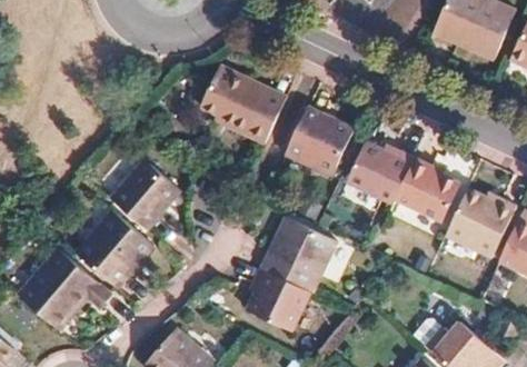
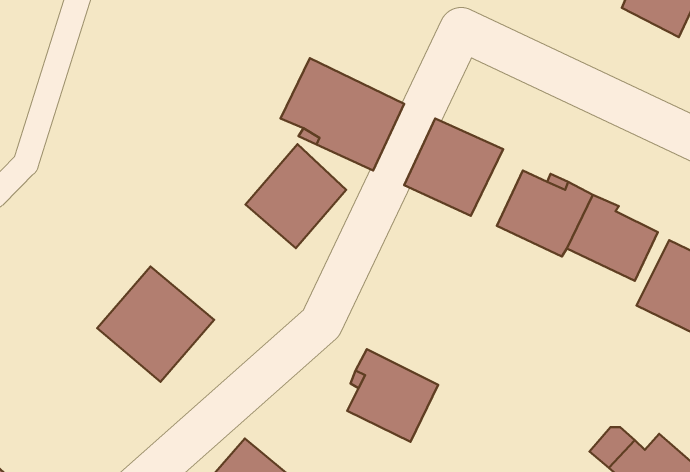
building: [112,157,181,228] -> [245,144,346,248]
building: [260,215,337,291] -> none
building: [20,249,113,330] -> none

